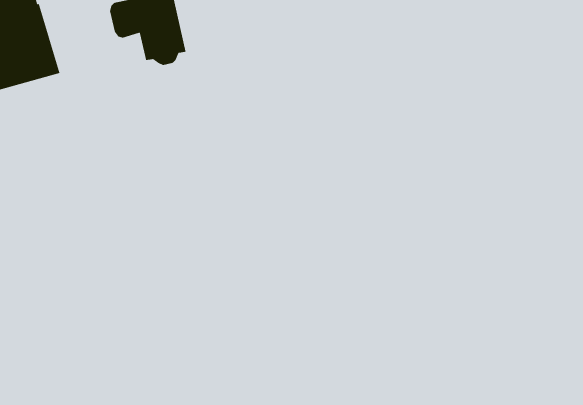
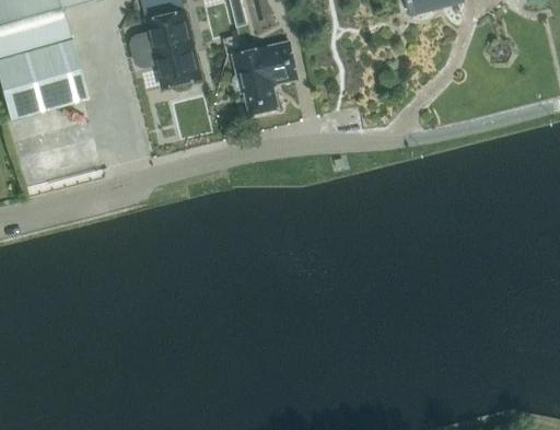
building: none -> [230,42,298,115]

